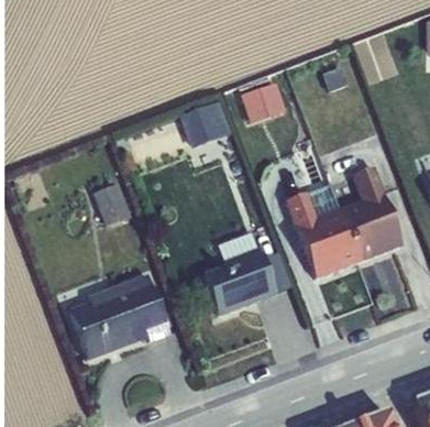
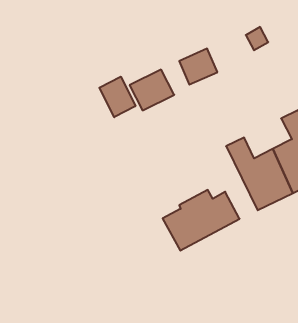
building: none -> [99,77,135,117]
building: [93,182,133,225] -> none
building: [68,272,172,359] -> none

